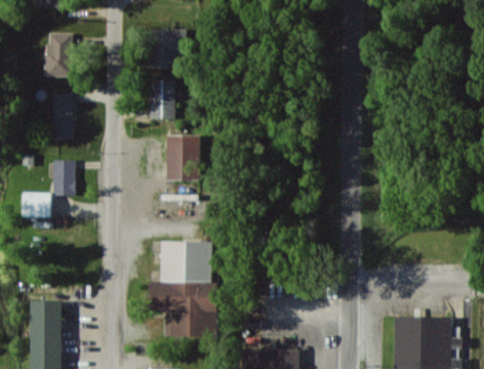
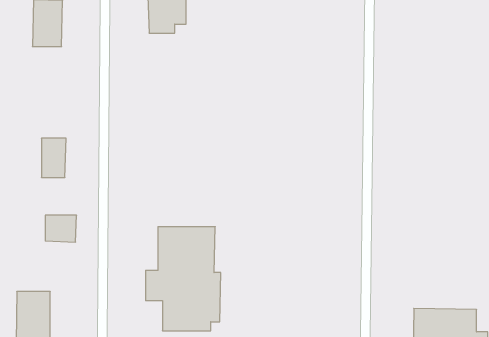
building: [148,80,174,119] -> none
building: [51,93,72,140] -> none
building: [165,135,199,180] -> none
building: [22,193,50,217] -> [45,215,77,242]

